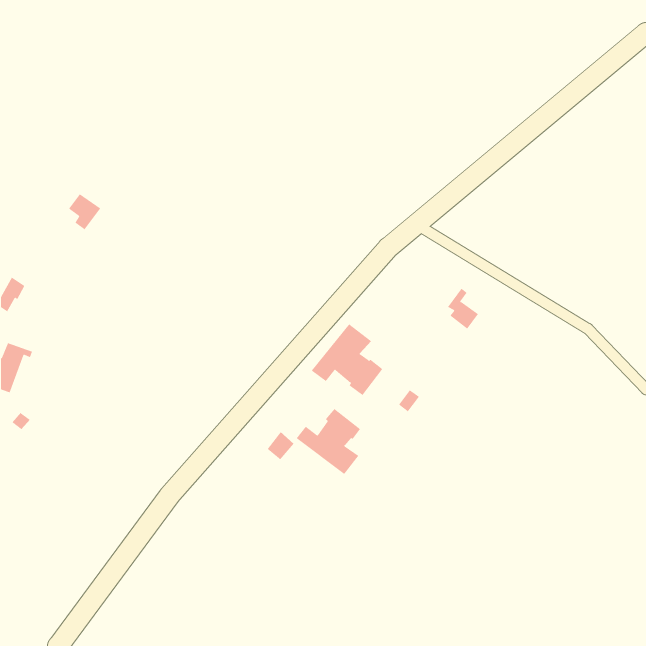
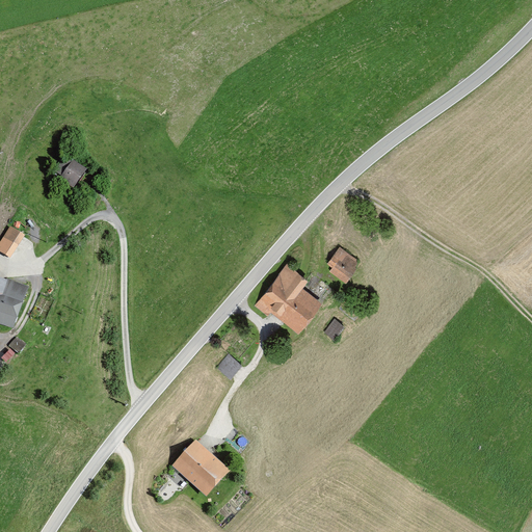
building: [447,288,479,329] -> [329,247,355,282]
building: [296,408,361,475] -> none
building: none -> [174,446,224,491]

